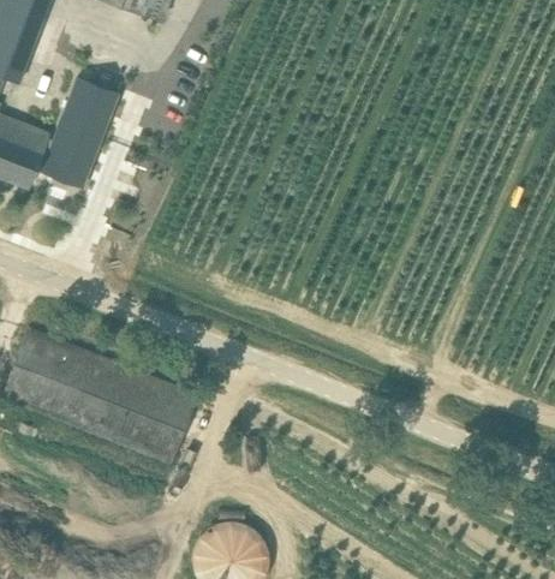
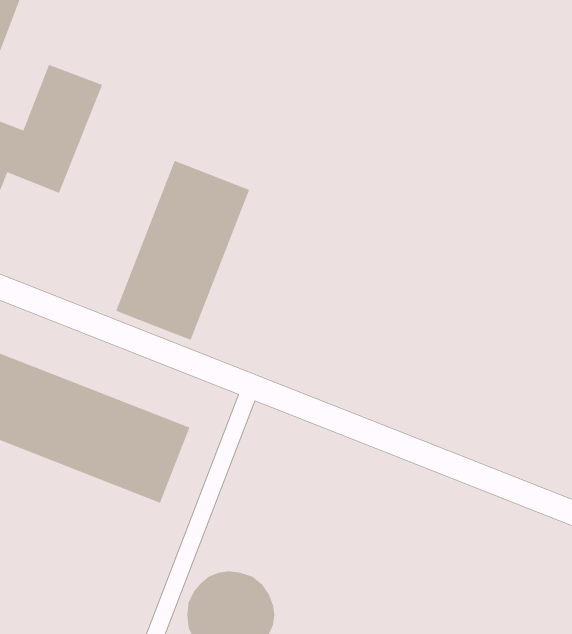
building: none -> [115,160,250,341]

